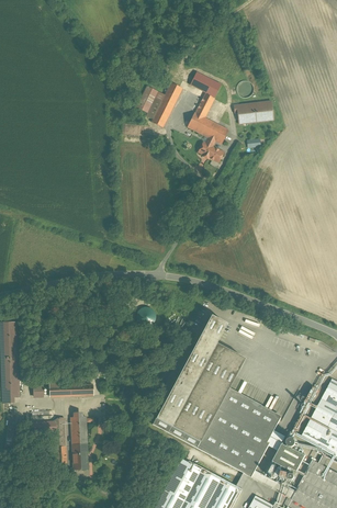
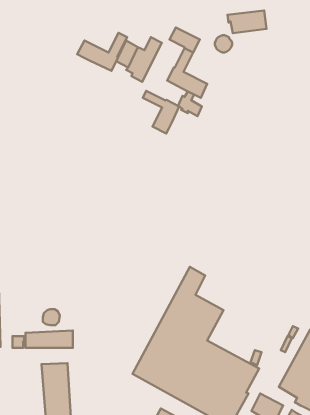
building: none -> [77,33,127,71]
building: [234,101,273,124] -> [227,11,266,33]
building: none -> [143,91,179,134]

